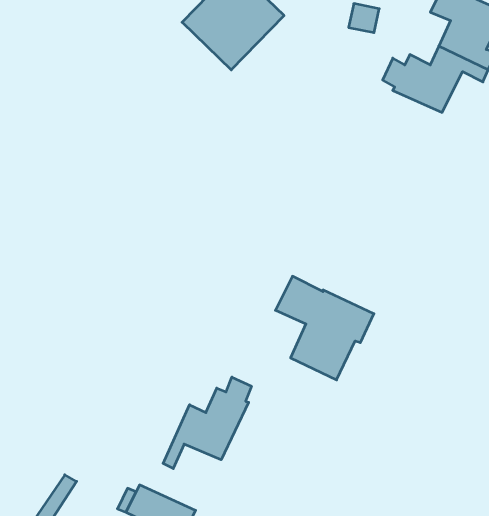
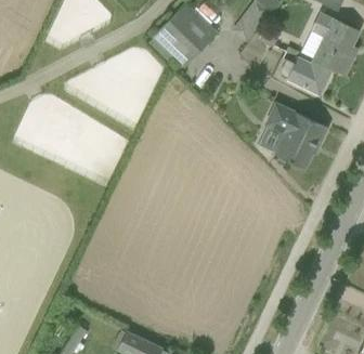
building: [275,276,374,380] -> [266,102,329,168]
building: [163,377,251,469] -> none

